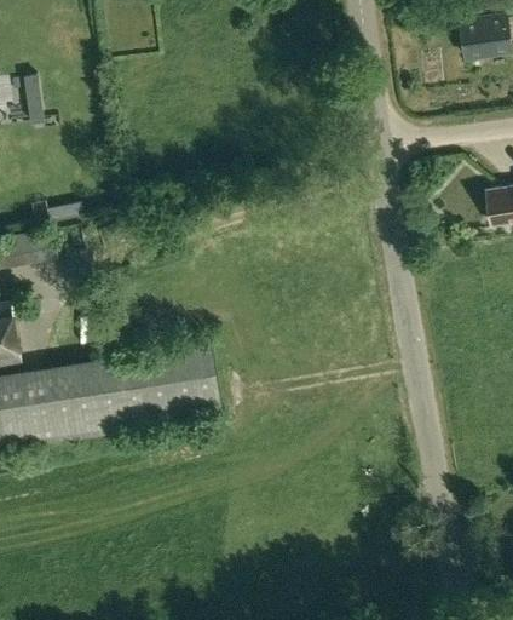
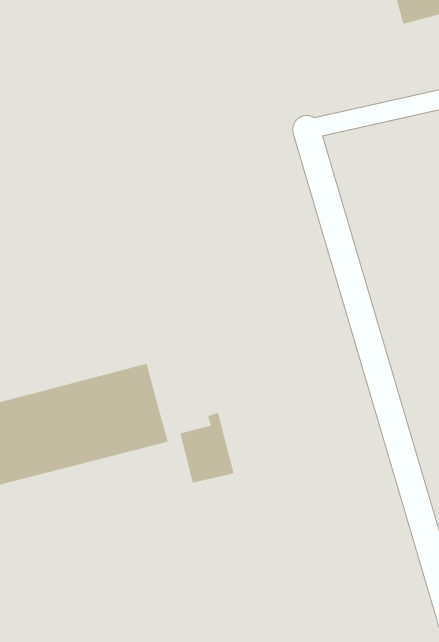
building: none -> [180,412,234,483]

